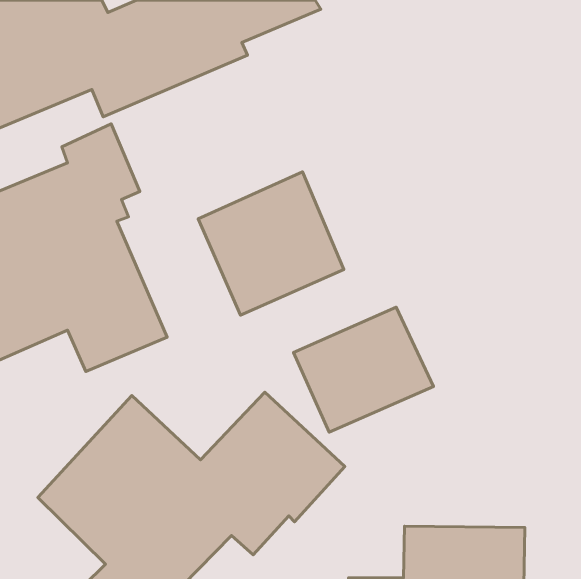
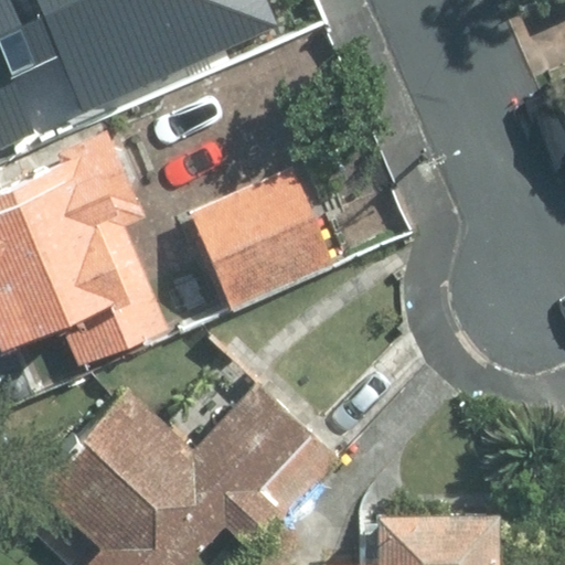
building: [294,307,433,432] -> none

